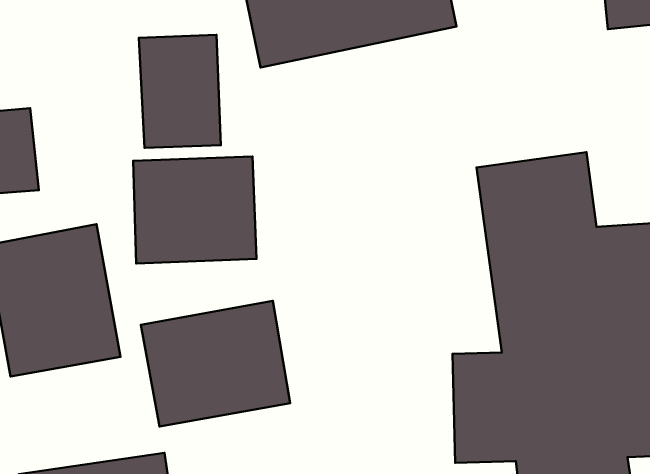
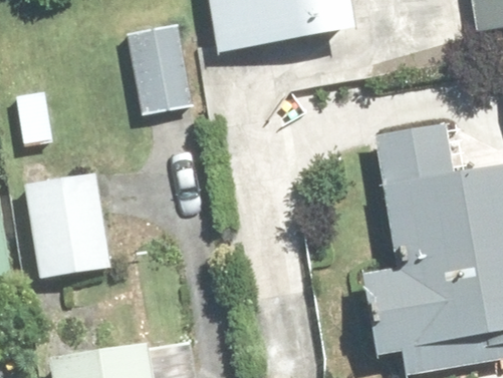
building: [133,157,256,263] -> none
building: [141,301,290,427] -> none

